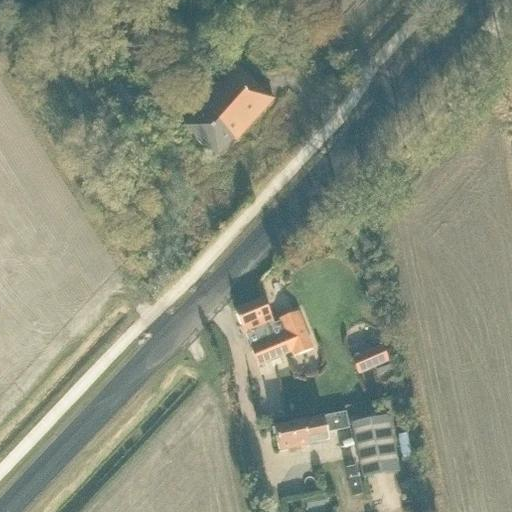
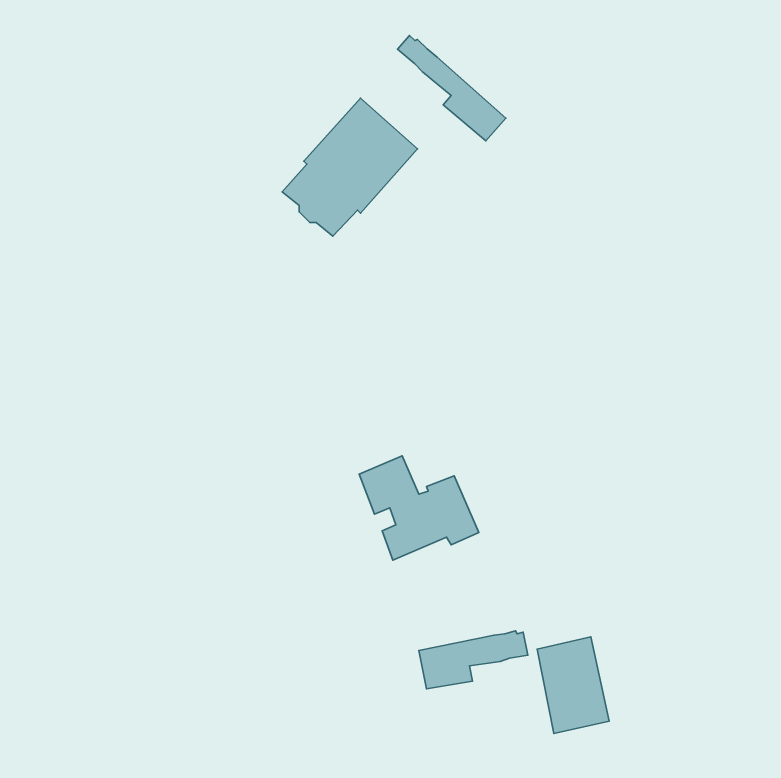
building: none -> [397,35,506,141]
building: [353,344,389,372] -> none

